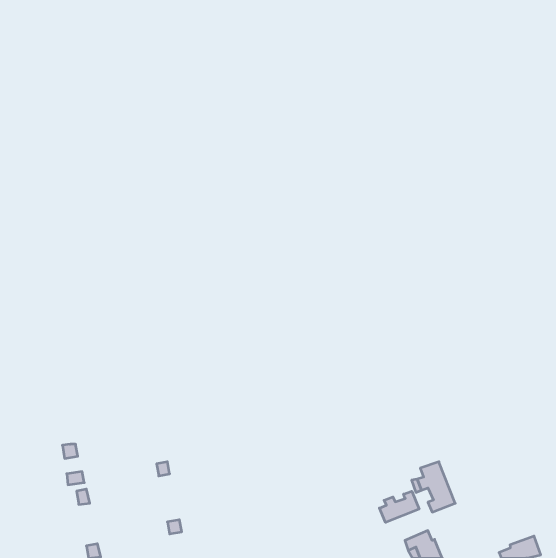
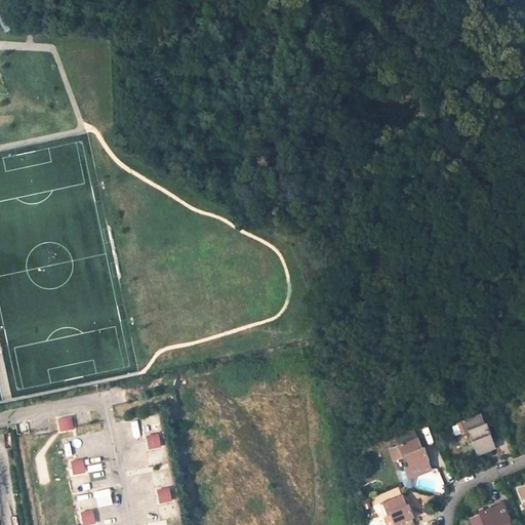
building: none -> [456,417,492,456]
building: [379,491,419,522] -> none

